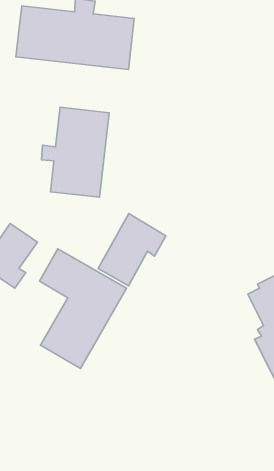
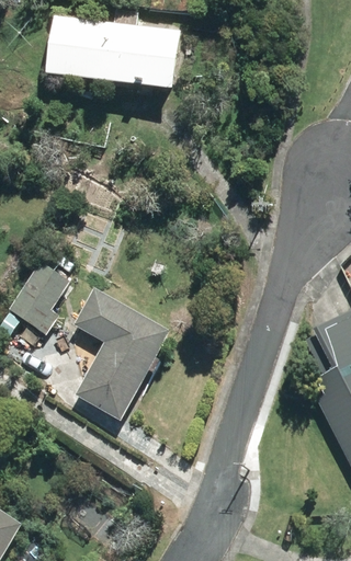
building: [42,107,109,197] -> none
building: [98,214,166,286] -> none

